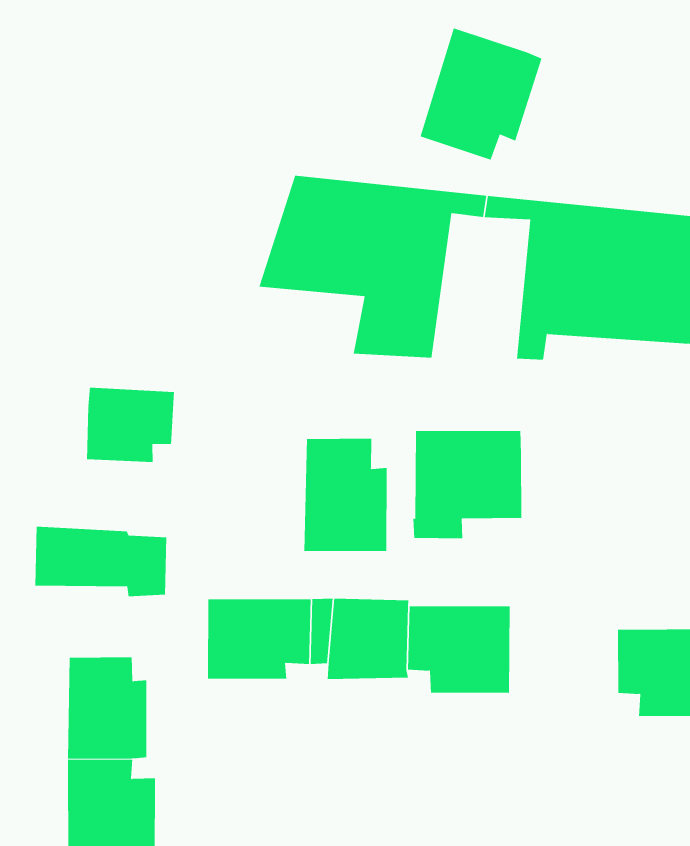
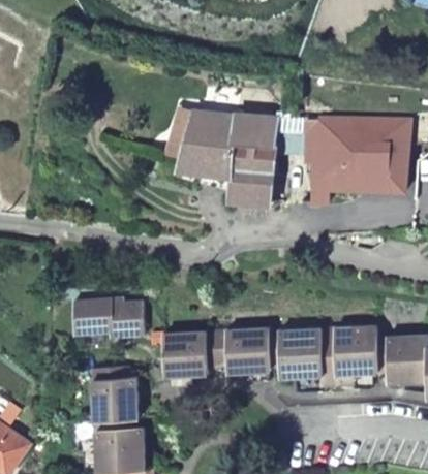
building: [420,27,542,161] -> none
building: [87,387,175,463] -> none
building: [413,430,522,539] -> [317,326,375,385]
building: [304,438,387,552] -> none

